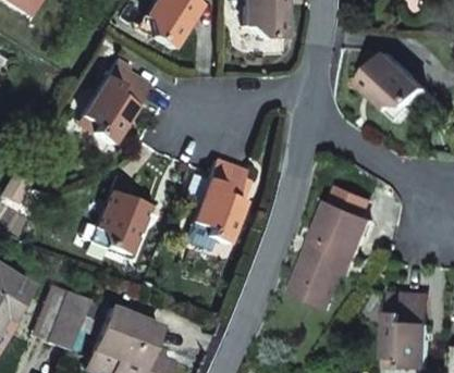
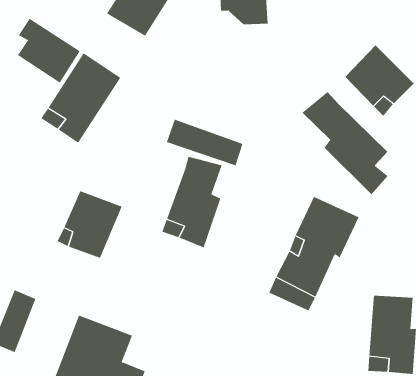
building: none -> [17,18,80,83]
building: none -> [302,91,388,195]
building: none -> [166,119,243,166]
building: [50,293,91,352] -> none

